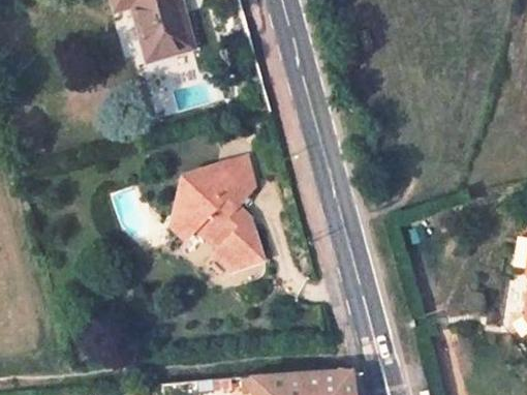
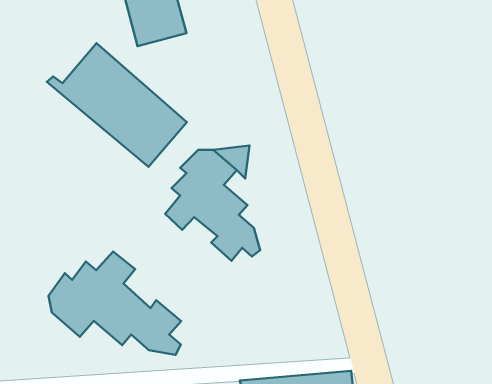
building: none -> [47,43,187,167]
building: none -> [48,251,181,355]

